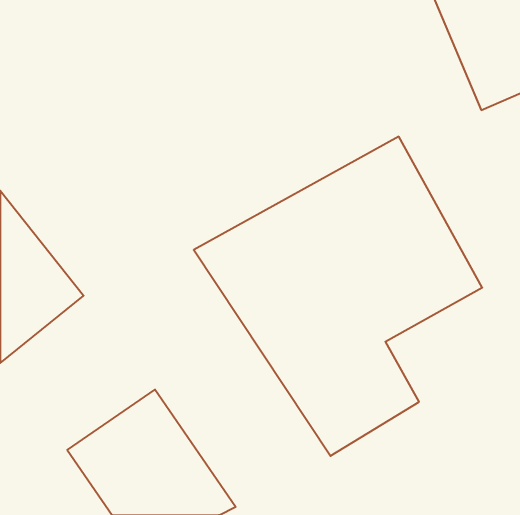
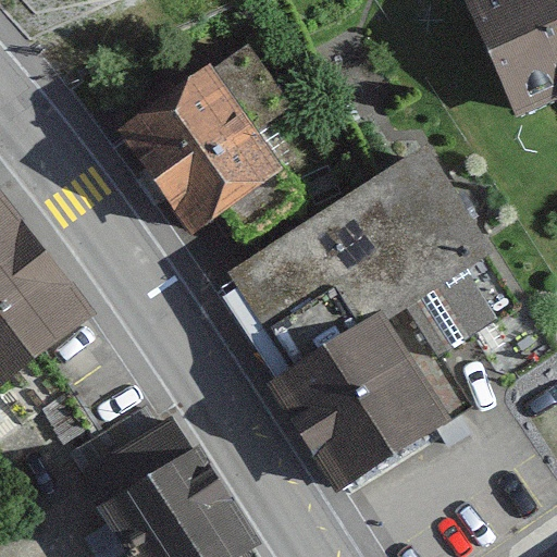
building: none -> [119,69,278,237]

